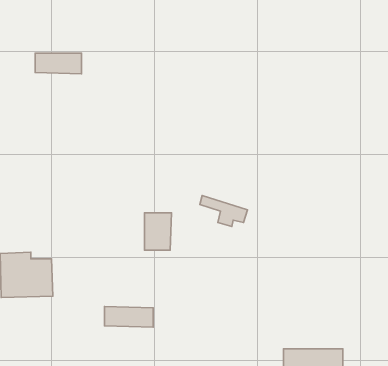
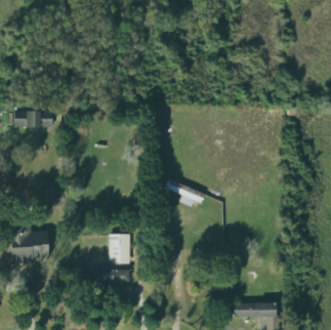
building: [35,53,81,74] -> [15,112,52,128]
building: [144,213,171,250] -> [109,235,130,264]

